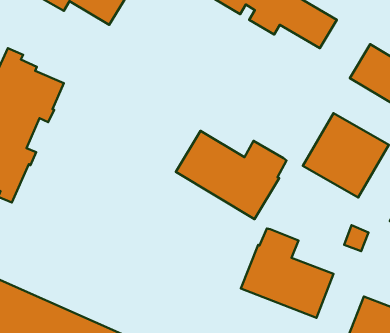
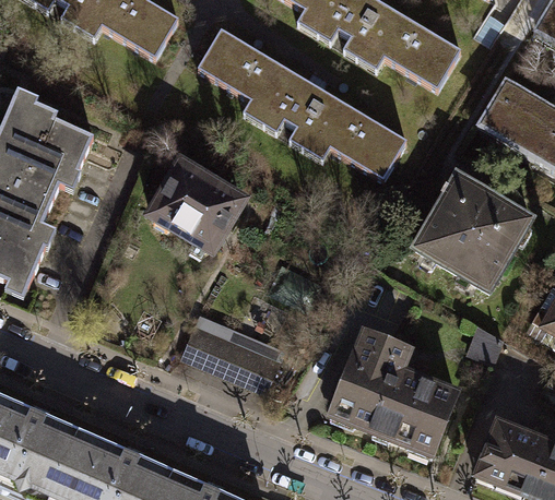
building: none -> [198,29,406,179]
building: none -> [151,164,240,249]
building: [176,131,287,219] -> none
building: none -> [182,325,278,390]

